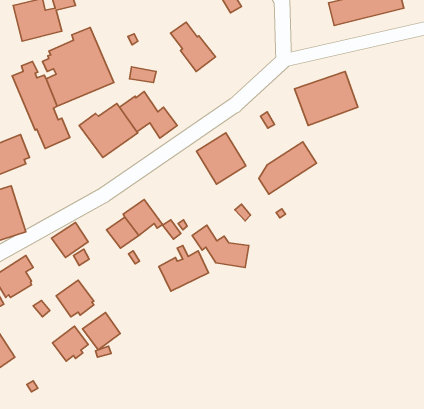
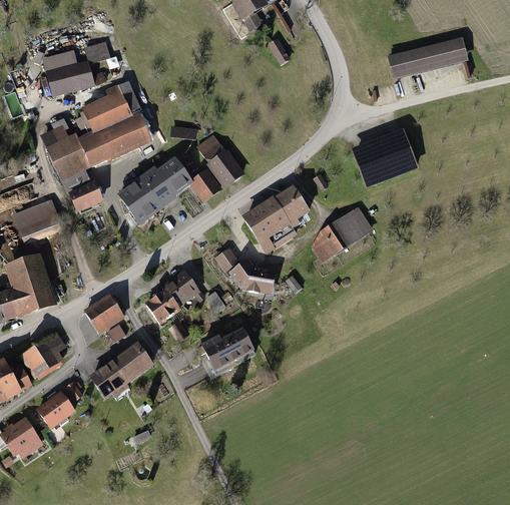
building: [171,22,215,72] -> [196,134,245,188]
building: none -> [275,184,311,227]
building: [192,225,249,267] -> [214,246,277,293]
building: [82,312,120,350] -> [113,340,154,381]
building: [52,326,88,361] -> [36,389,75,427]

